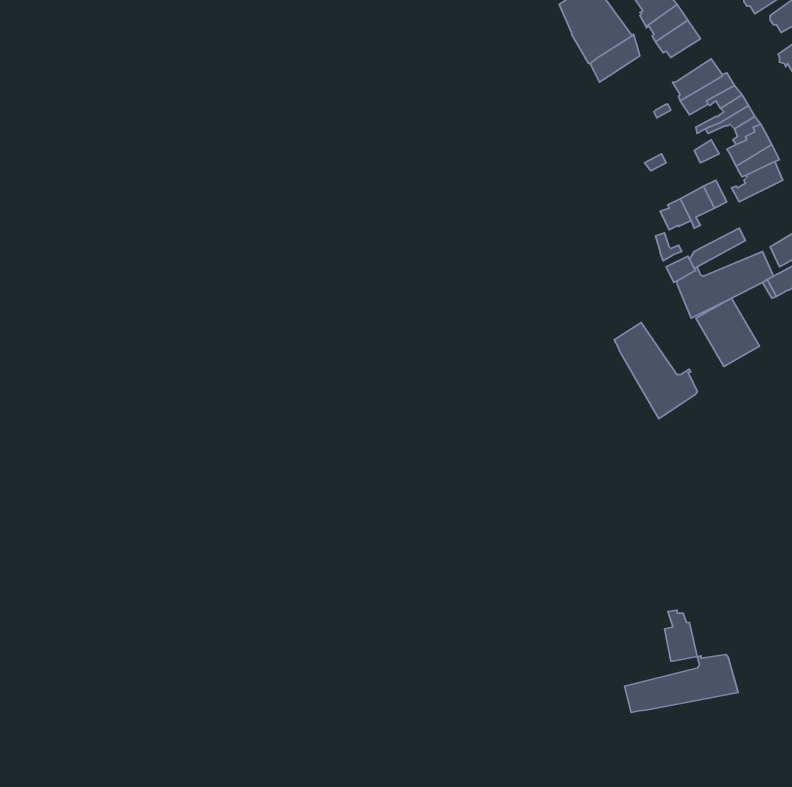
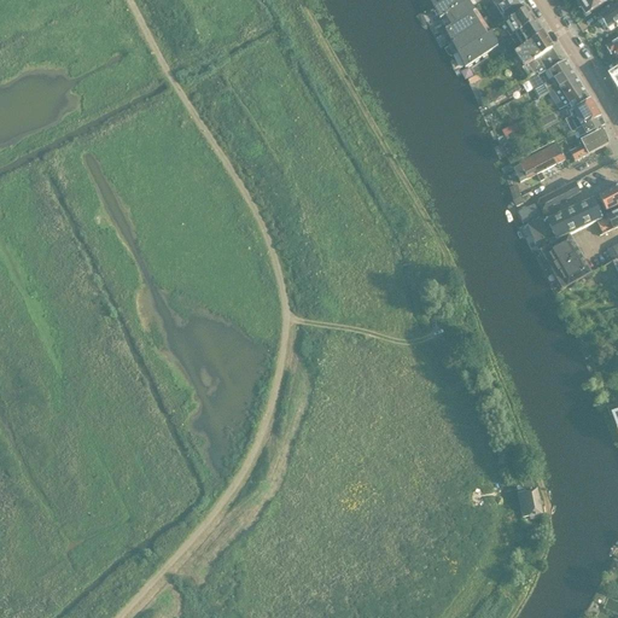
building: none -> [517,30,554,64]
building: [614,323,697,419] -> none
building: [624,655,738,712] -> none

